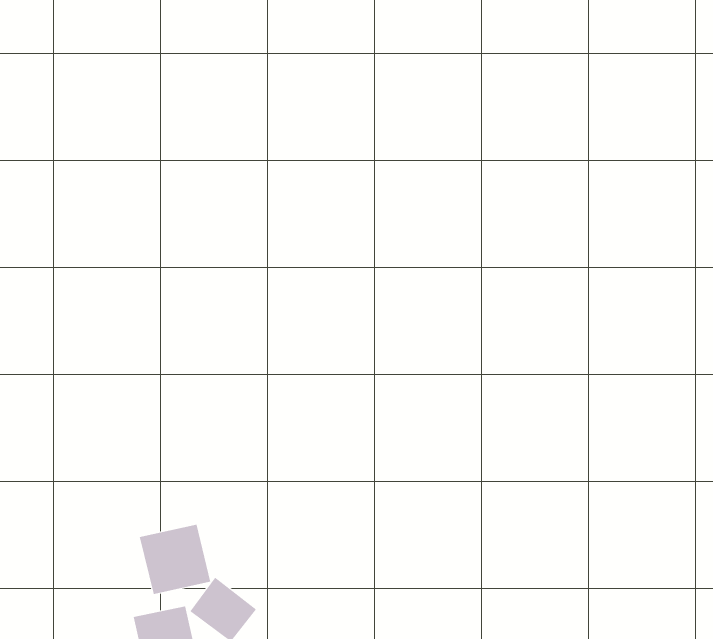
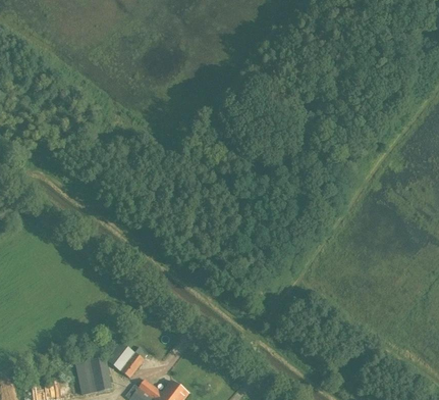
building: [139,524,211,595] -> none

